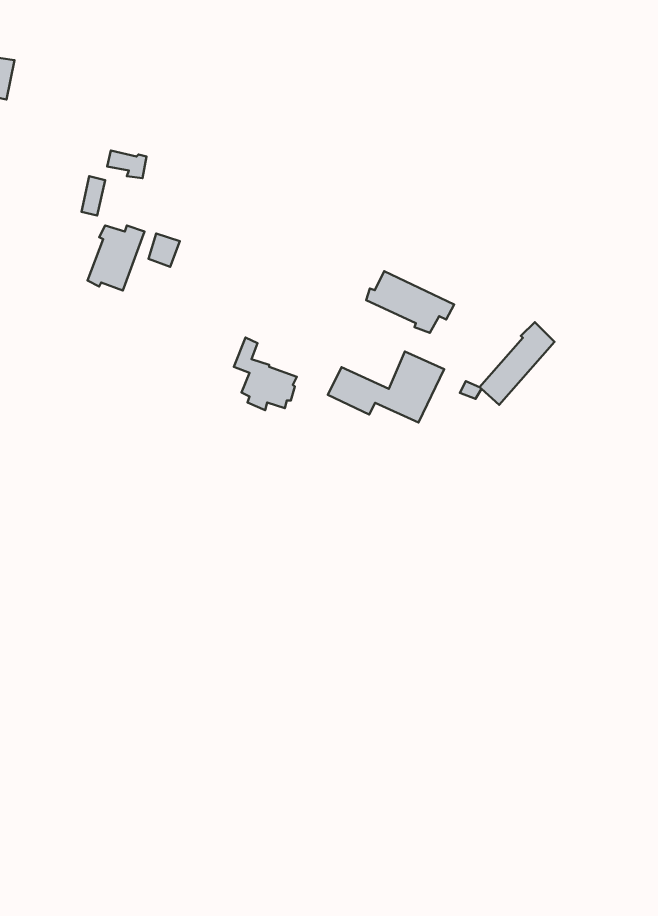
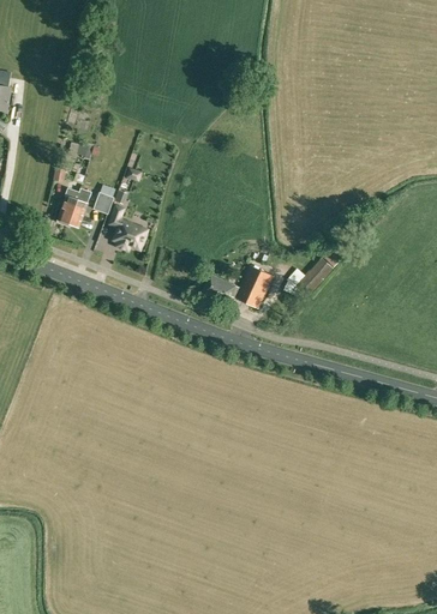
building: [366,271,454,333] -> none
building: [234,337,297,410] -> [108,205,146,249]

